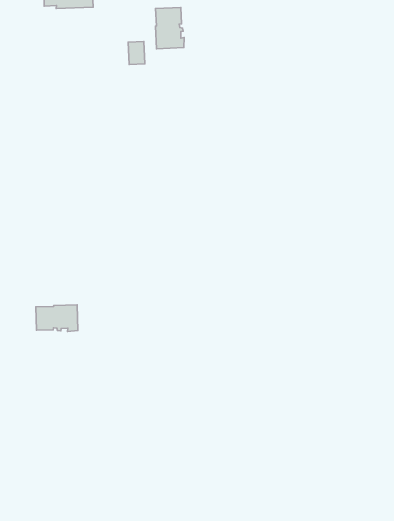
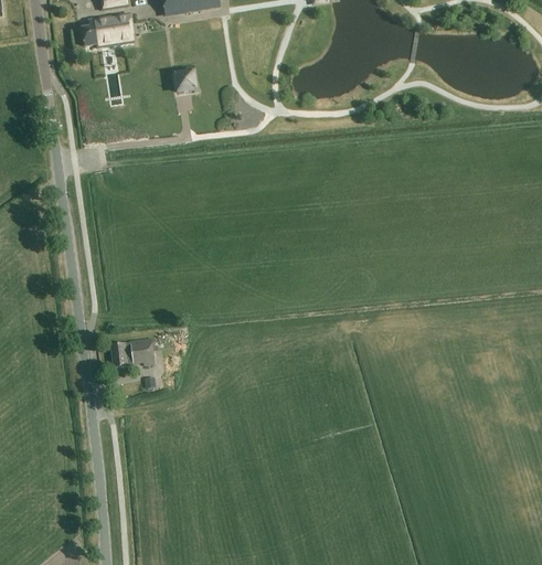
building: [155,8,184,49] -> none

